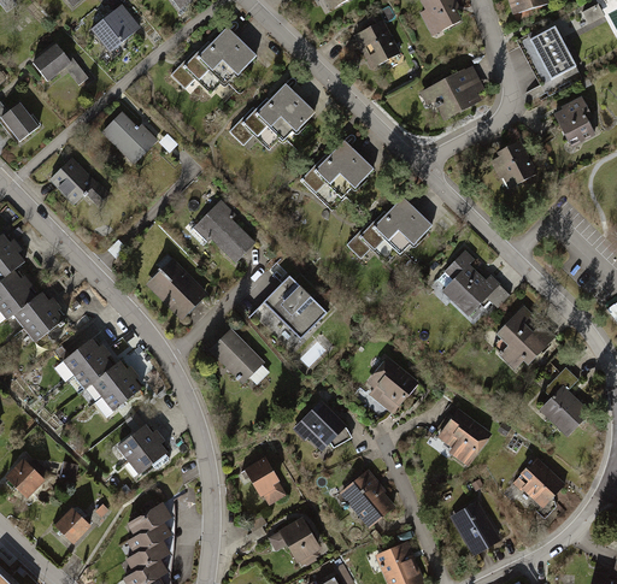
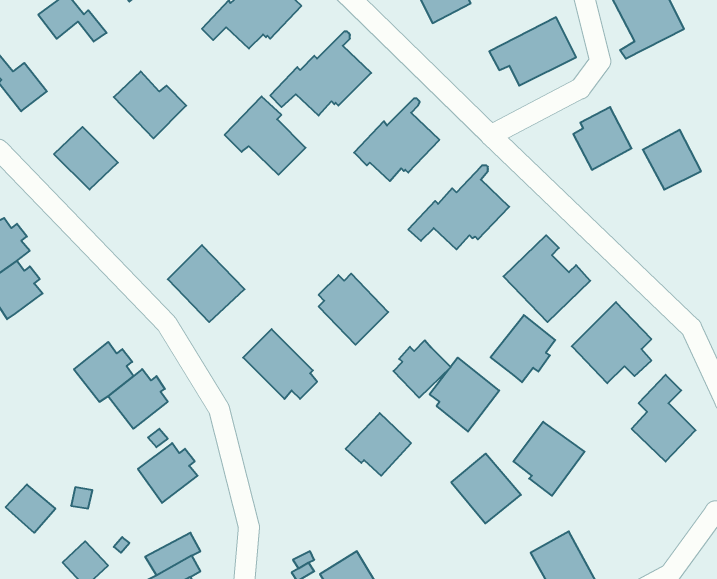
building: [547,96,597,147] -> [643,130,701,190]
building: [187,199,255,265] -> [225,96,306,175]
building: [13,291,64,342] -> none
building: none -> [491,315,555,382]
building: none -> [393,340,451,398]
building: [512,455,570,515] -> none
building: [243,456,288,505] -> none
building: [340,470,399,529] -> [451,454,521,523]

